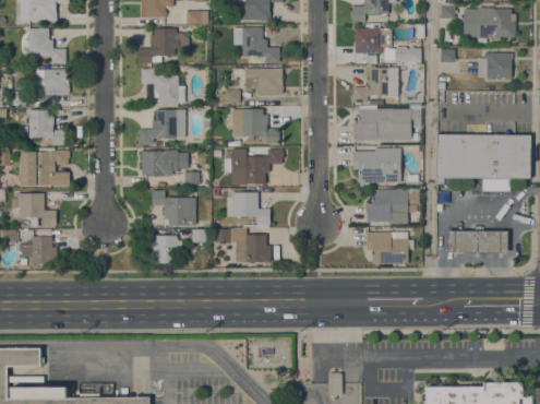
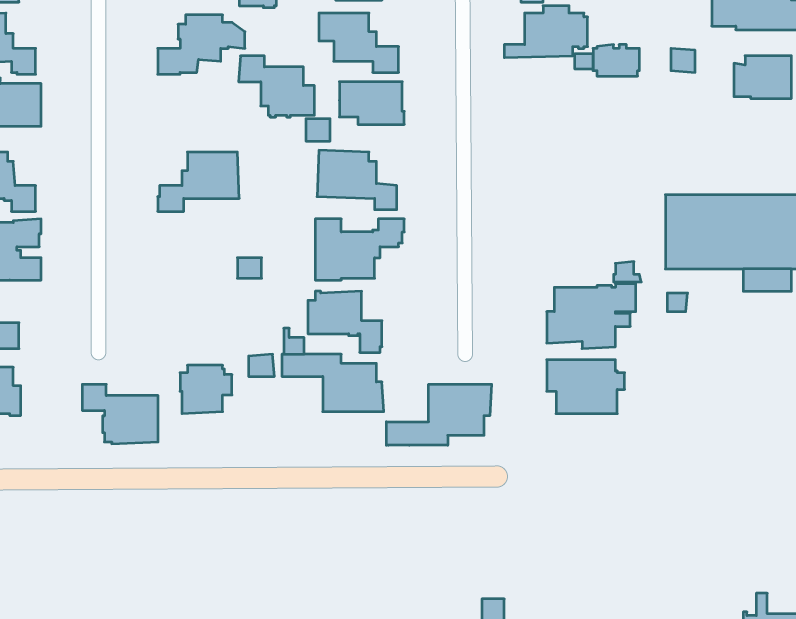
building: [351,66,397,103] -> none
building: [140,68,184,104] -> [239,56,314,117]
building: [352,104,422,140] -> none
building: [352,147,400,186] -> none
building: [141,150,188,175] -> none
building: [151,190,195,225] -> [82,384,158,444]
building: [446,230,507,252] -> none
building: none -> [386,384,492,445]

